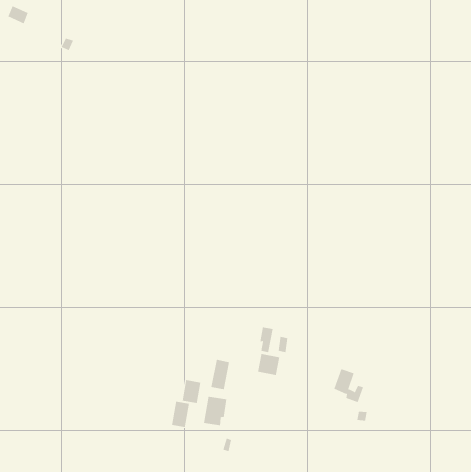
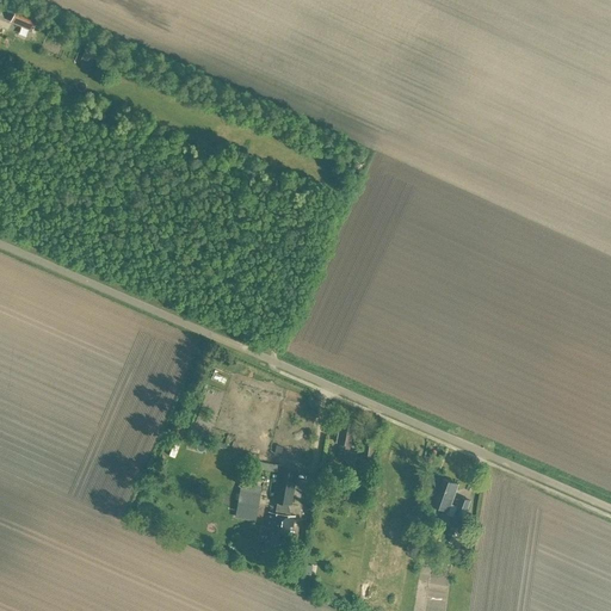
building: [258,353,280,376] -> none
building: [172,401,189,428] -> none

